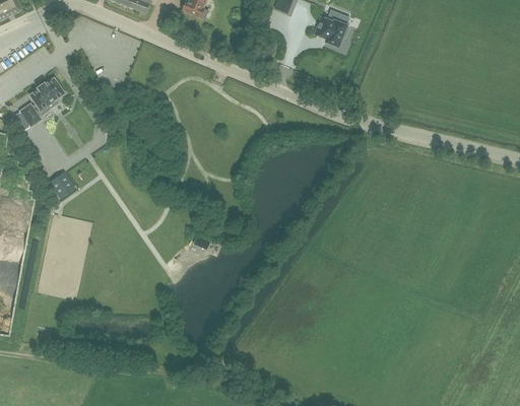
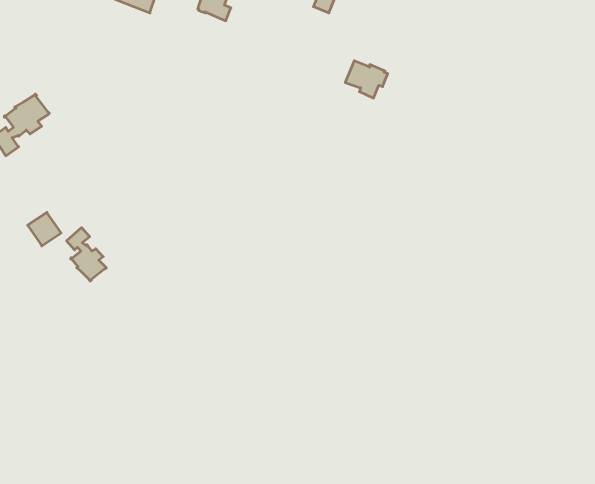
building: [314,15,347,45] -> [345,61,388,98]
building: none -> [67,228,106,281]

